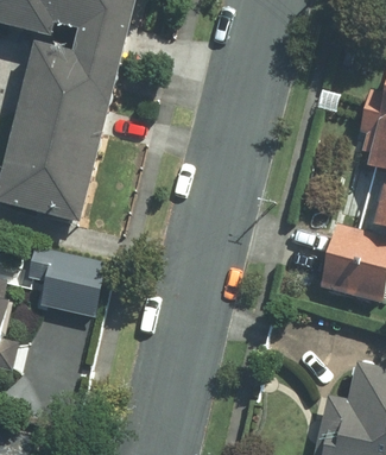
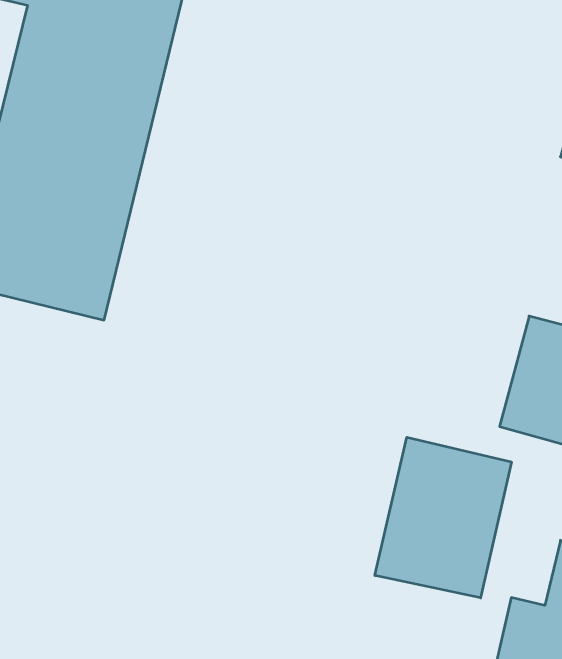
building: [37,254,103,304] -> none
building: none -> [375,437,511,598]

